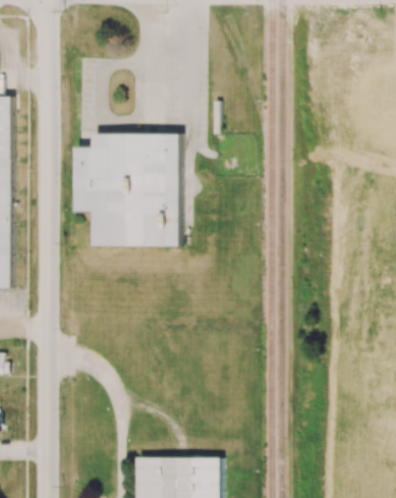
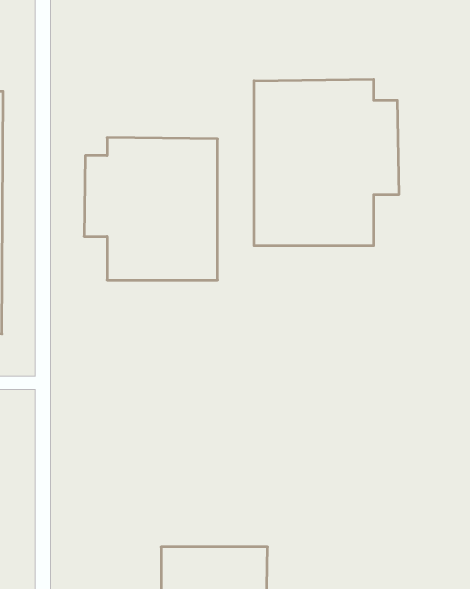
building: none -> [254,79,399,246]

